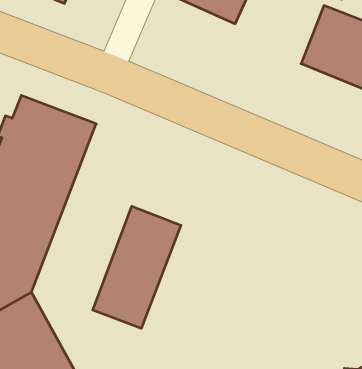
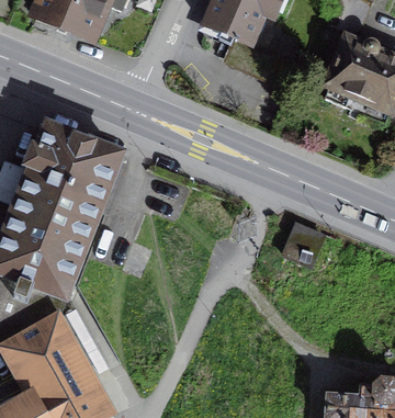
building: [93,206,181,328] -> none

